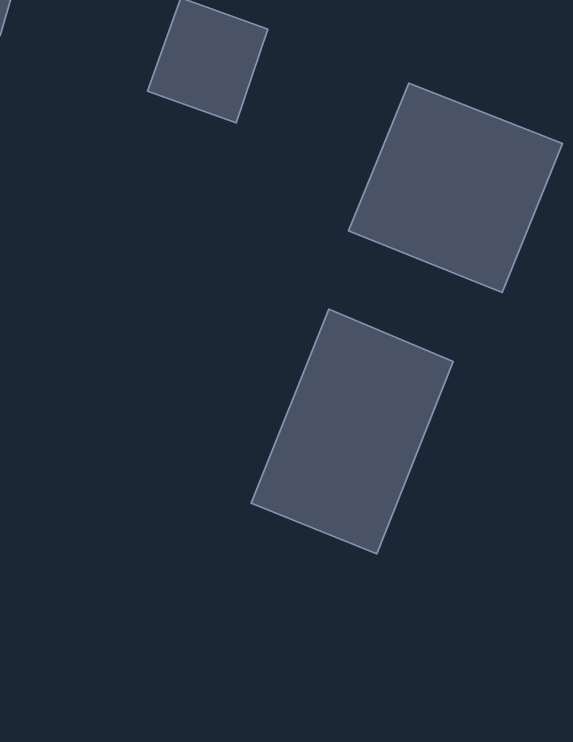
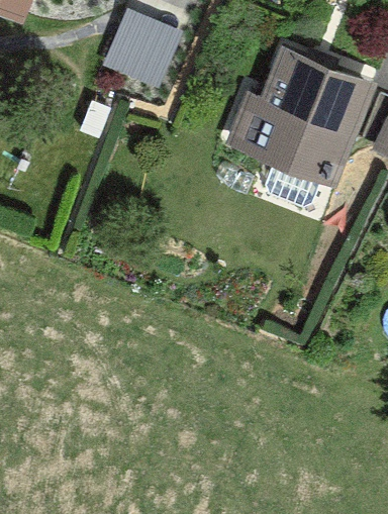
building: [251,309,453,554] -> none

